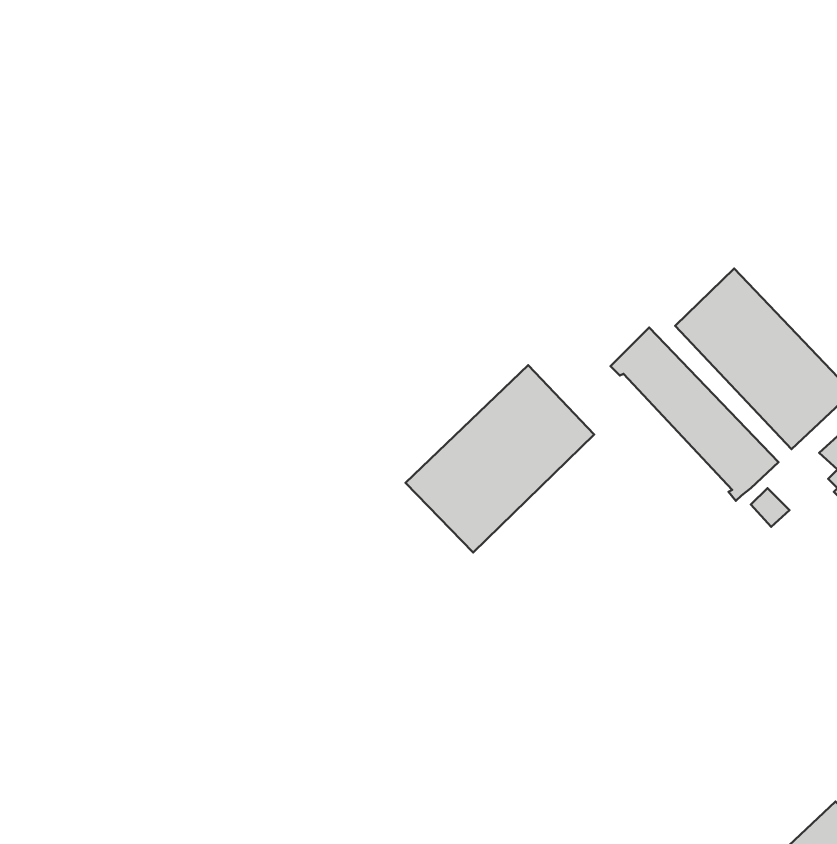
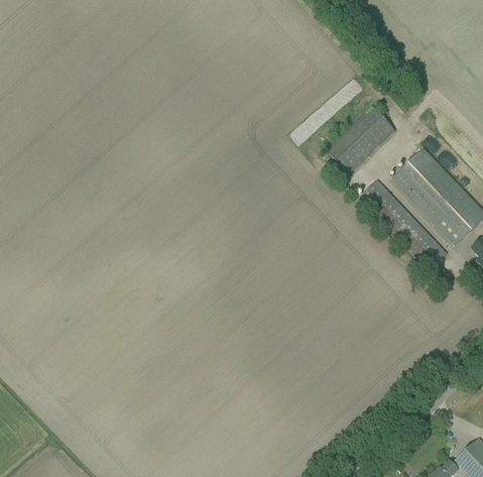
building: none -> [325,106,395,174]
building: [405,365,594,552] -> none

